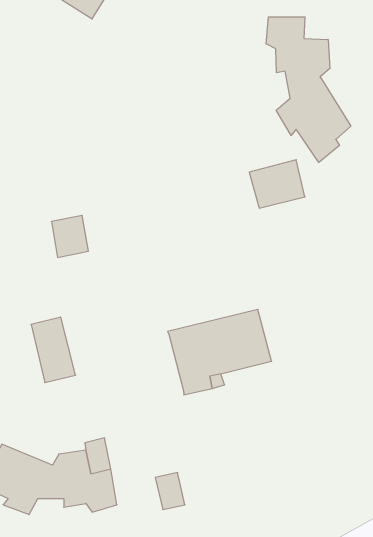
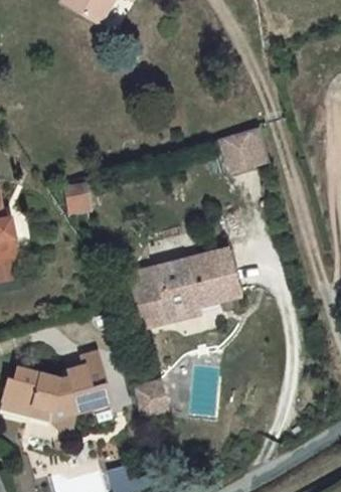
building: [266,17,351,162] -> none
building: [31,317,76,383] -> [134,275,170,328]

